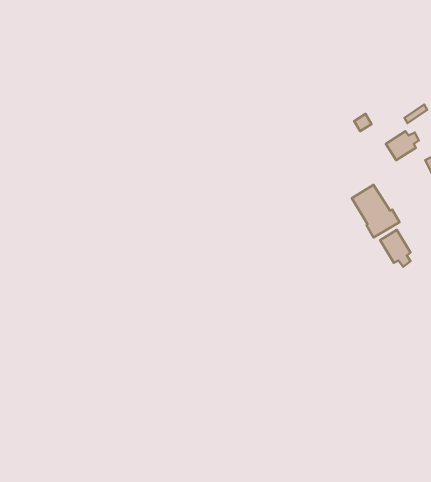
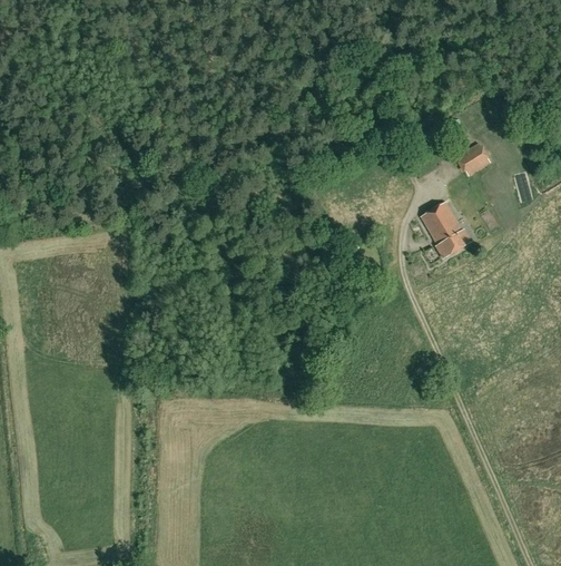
building: [380,230,411,267] -> none

